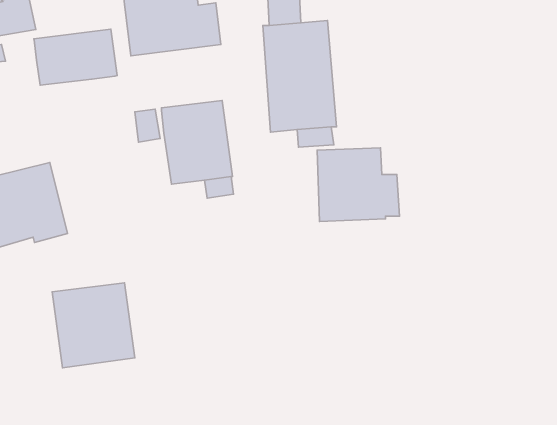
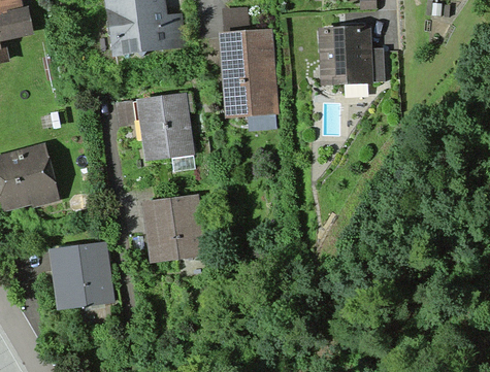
building: [34,29,117,85] -> none
building: [317,148,400,221] -> [318,25,385,84]
building: none -> [141,193,205,262]

